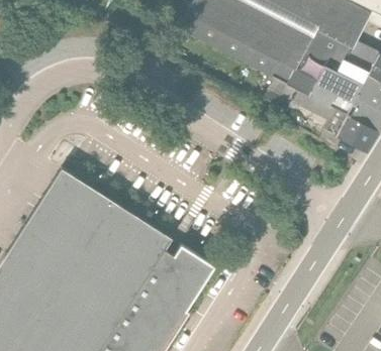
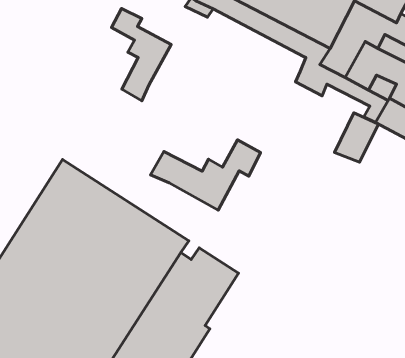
building: none -> [111,9,171,101]
building: none -> [334,113,379,162]
building: none -> [151,140,261,210]

